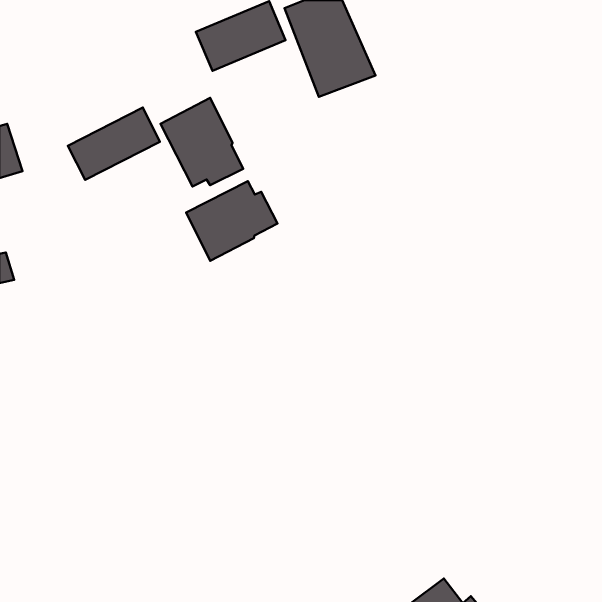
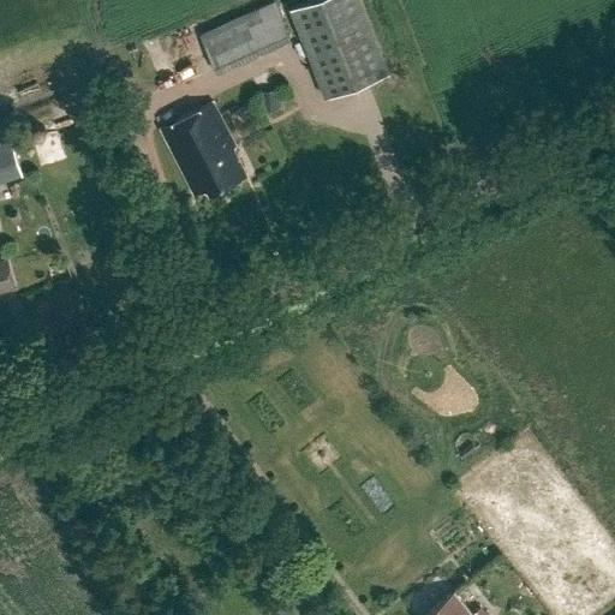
building: [68,108,160,180] -> none
building: [186,181,278,261] -> none

